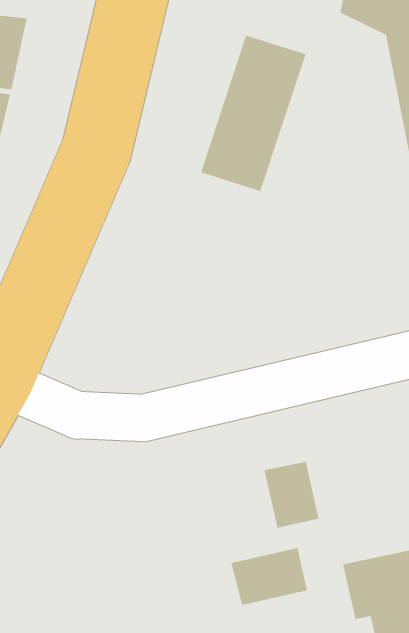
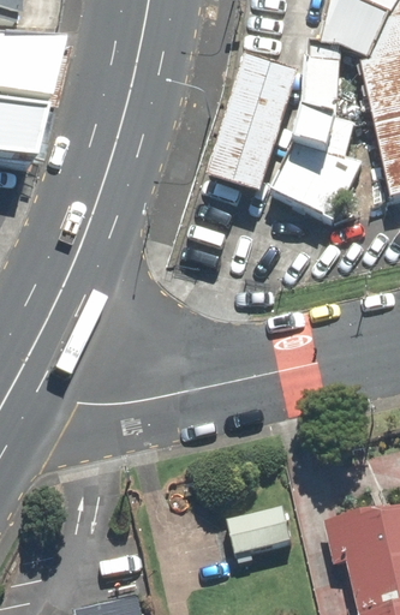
building: none -> [273,49,347,217]
building: [264,461,319,529] -> none

